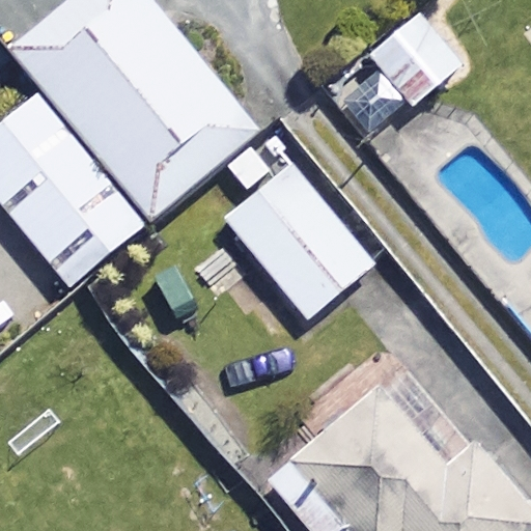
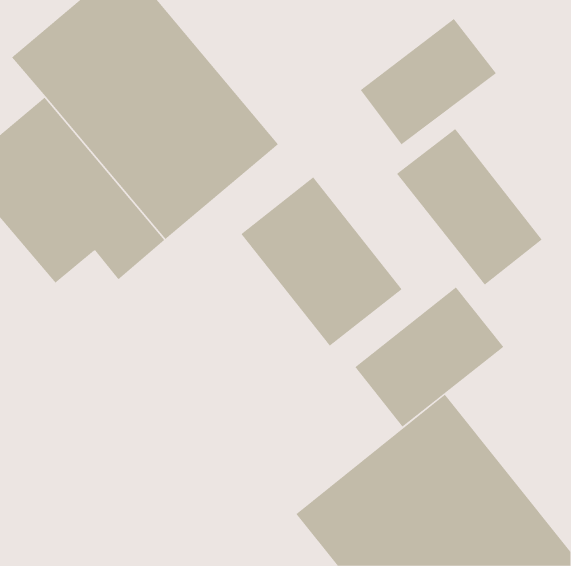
building: none -> [396,128,543,286]
building: none -> [354,287,504,427]

